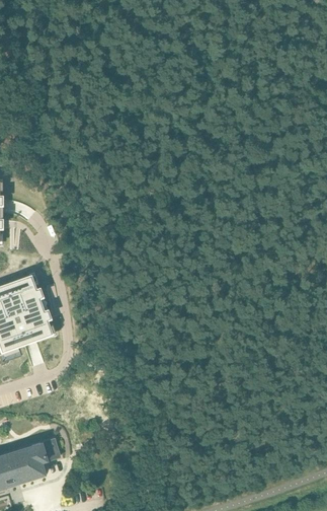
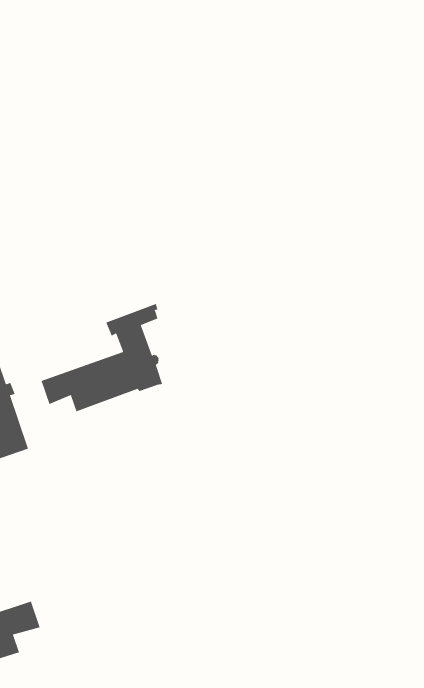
building: none -> [41,303,163,412]

